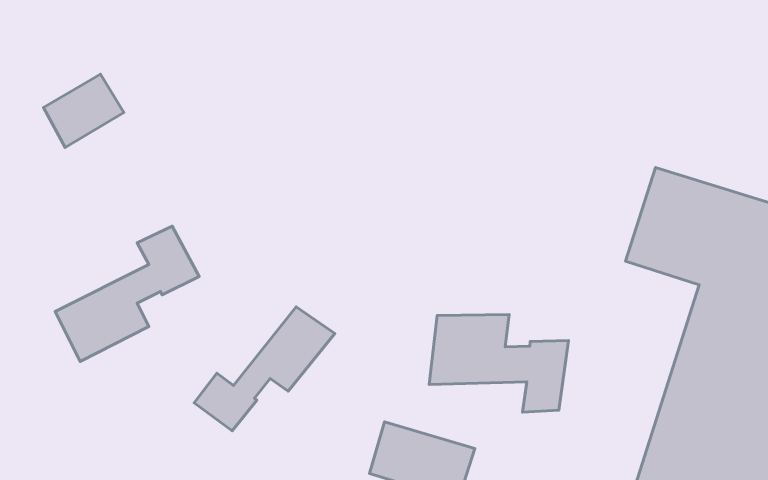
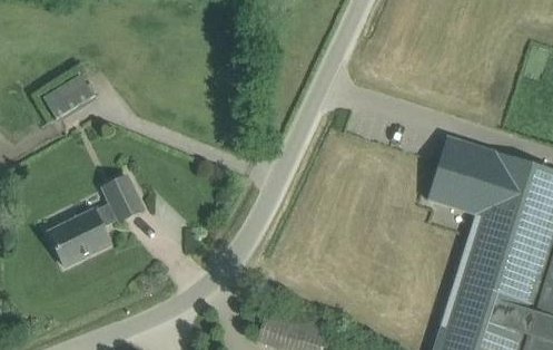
building: [194,307,335,431] -> none
building: [429,315,569,412] -> none

